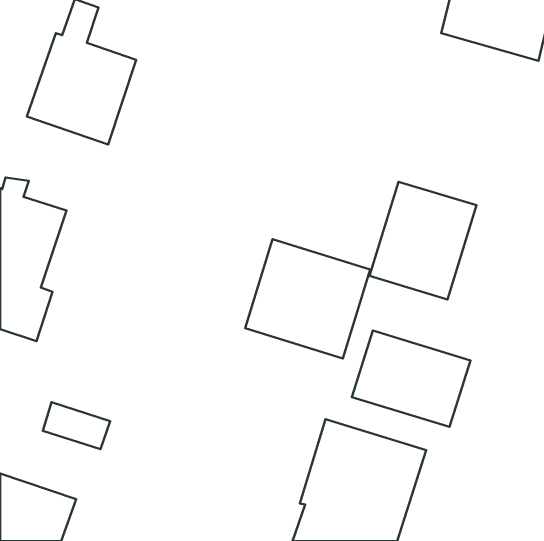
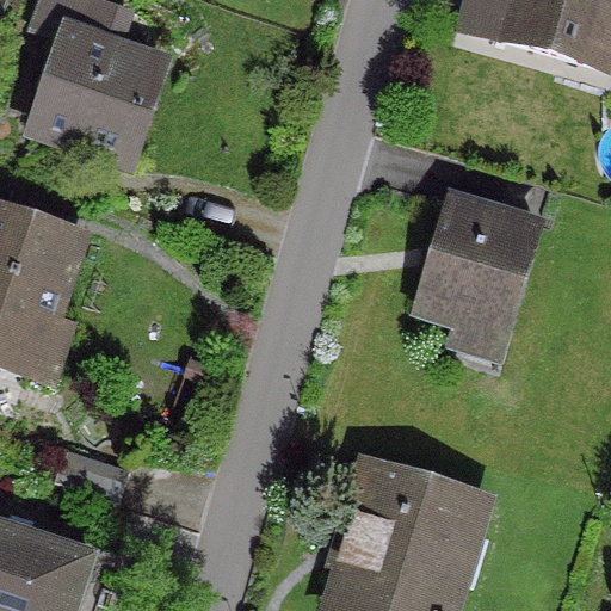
building: [245,239,370,358] -> none
building: [352,330,470,427] -> none

